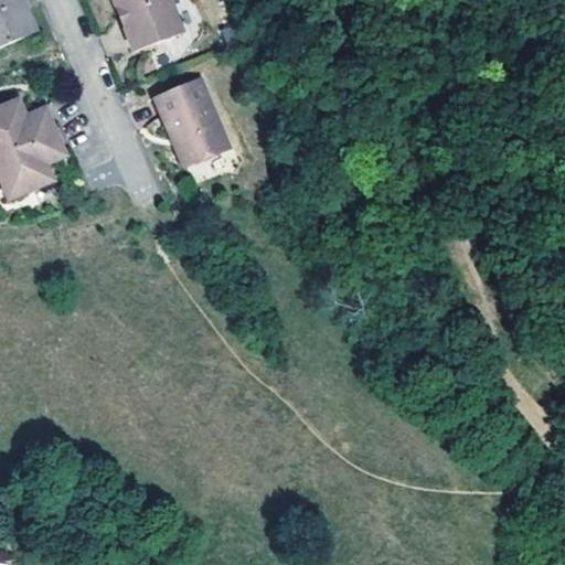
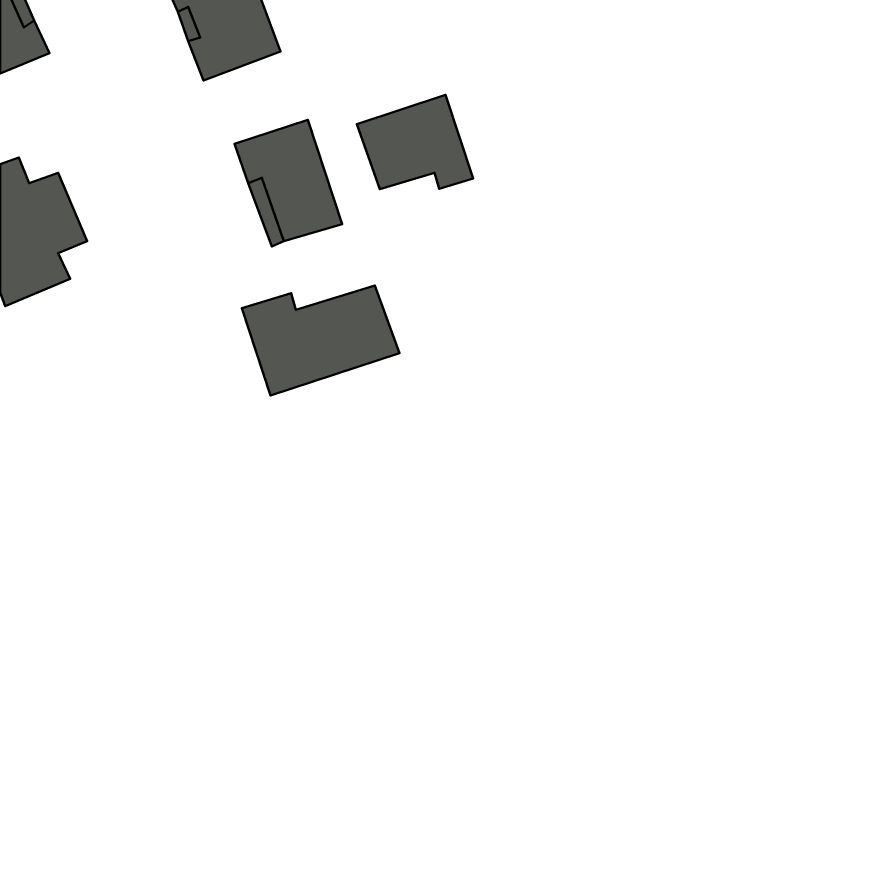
building: none -> [357,95,473,189]
building: none -> [242,285,400,395]

